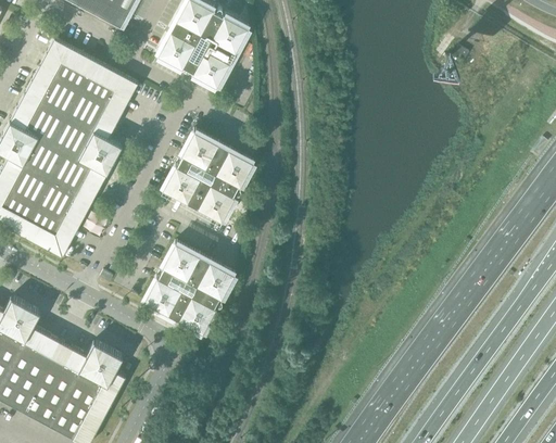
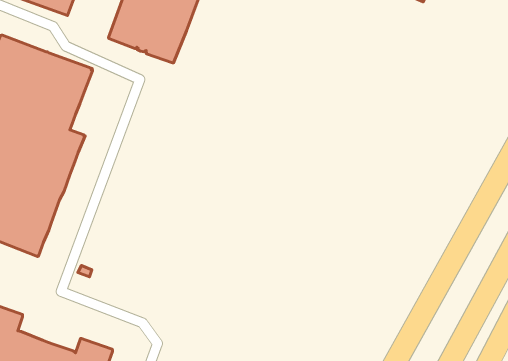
building: [161,129,253,221] -> none
building: [142,241,235,333] -> none

